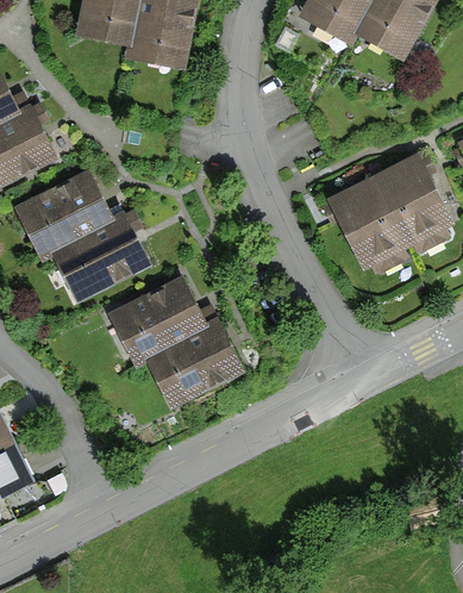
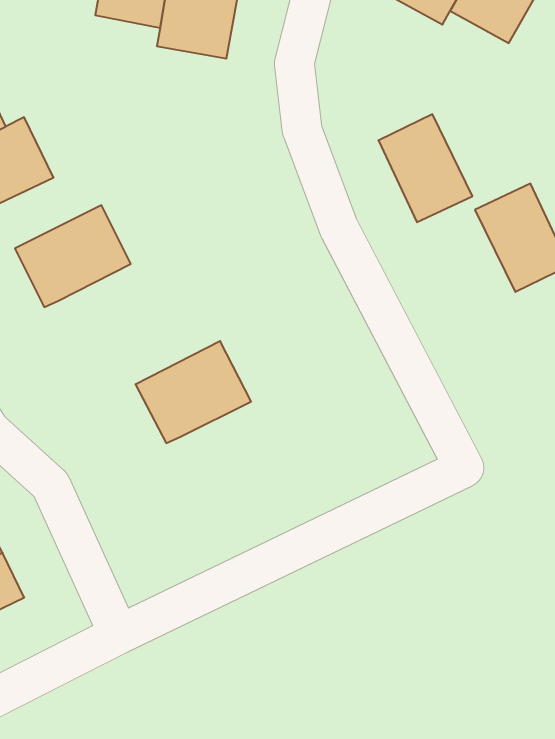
building: [332,179,405,262] -> [378,114,472,222]
building: [52,214,144,295] -> none
building: [146,322,234,400] -> none

